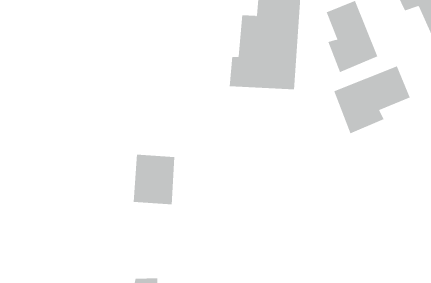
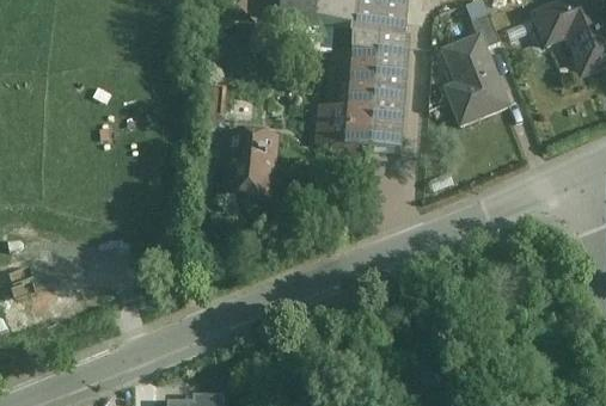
building: [334,65,410,134] -> none
building: [133,154,175,205] -> [221,130,277,197]

